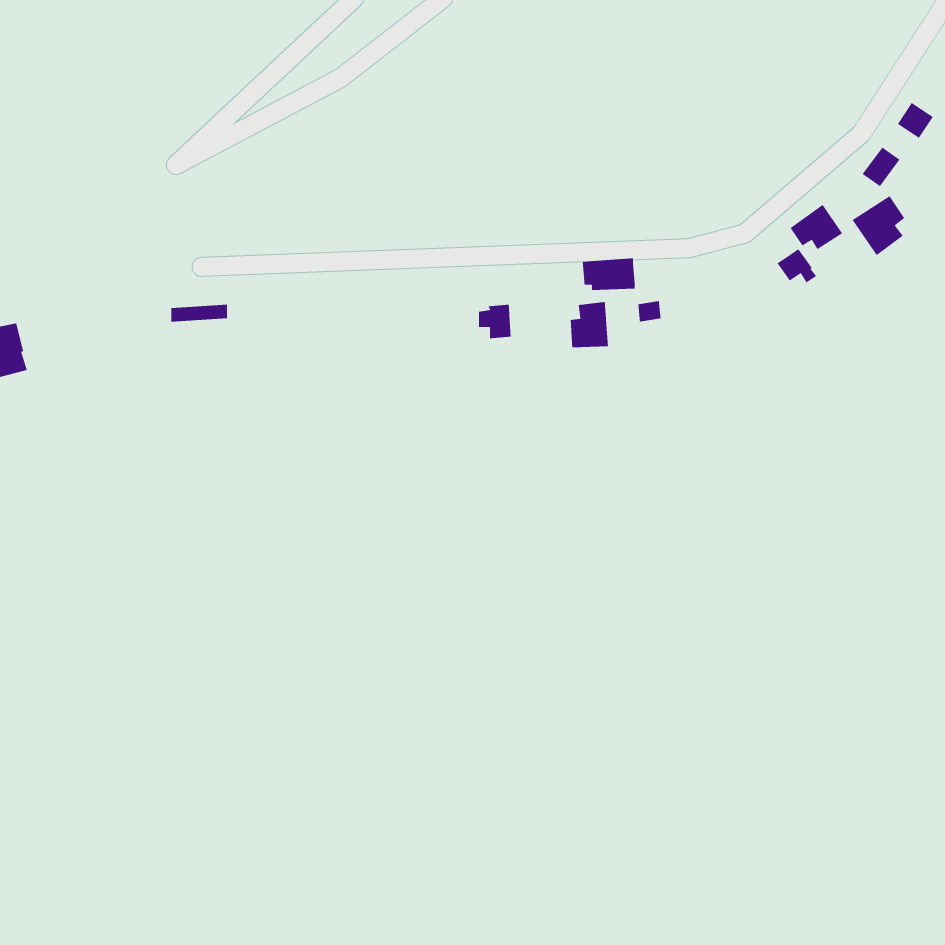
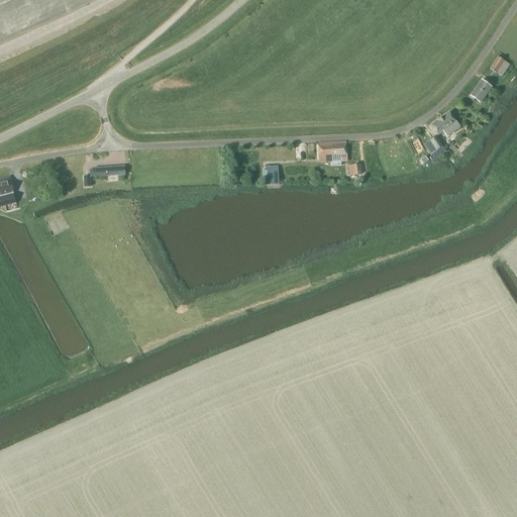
building: [851,195,905,256] -> none
building: [570,301,609,348] -> none

